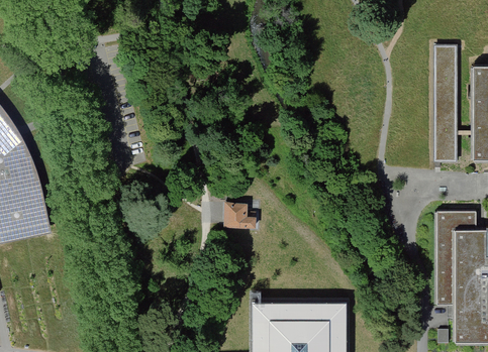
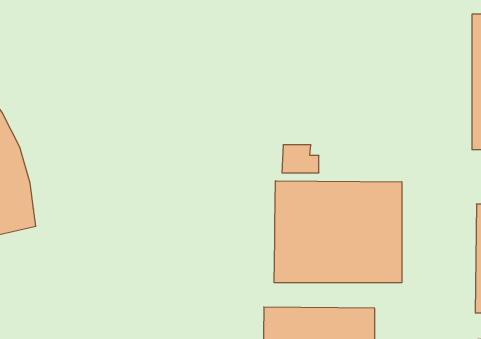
building: none -> [274,181,402,283]
building: [224,202,257,226] -> [282,145,319,173]

